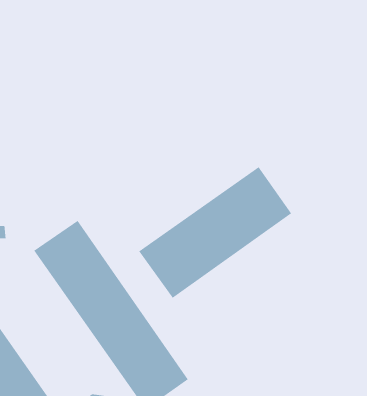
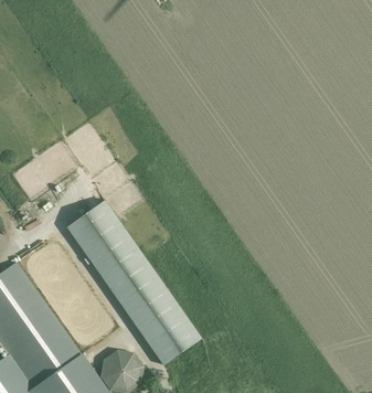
building: [138,166,292,299] -> none

